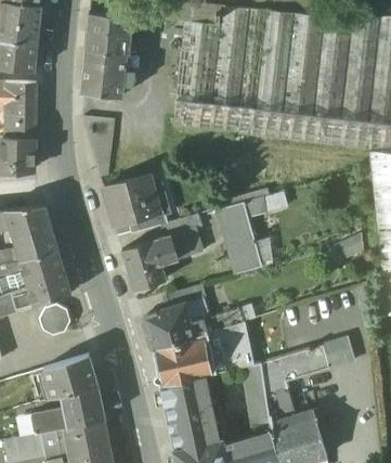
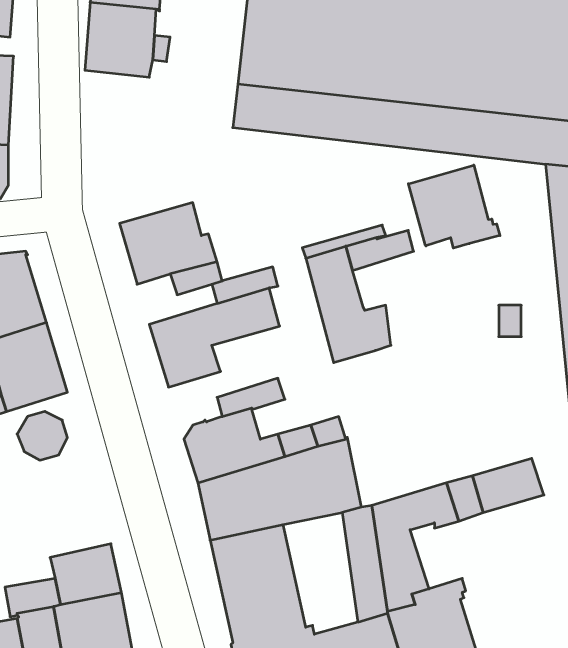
building: [83,117,114,178] -> none
building: none -> [408,165,500,248]
building: [43,355,97,398] -> none

